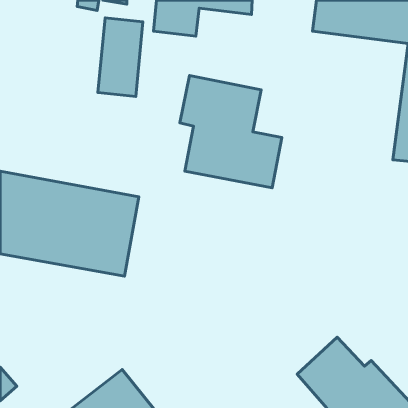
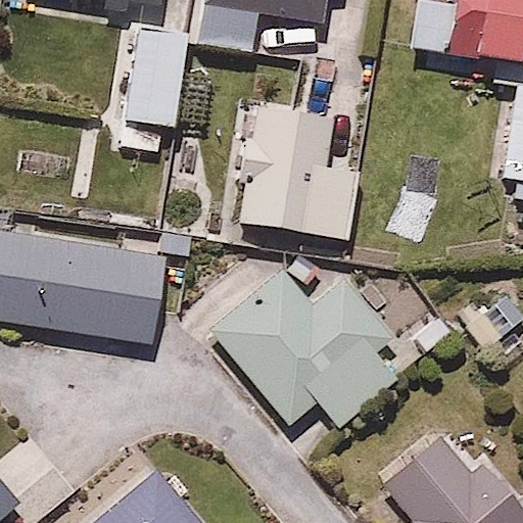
building: none -> [210,259,415,428]

